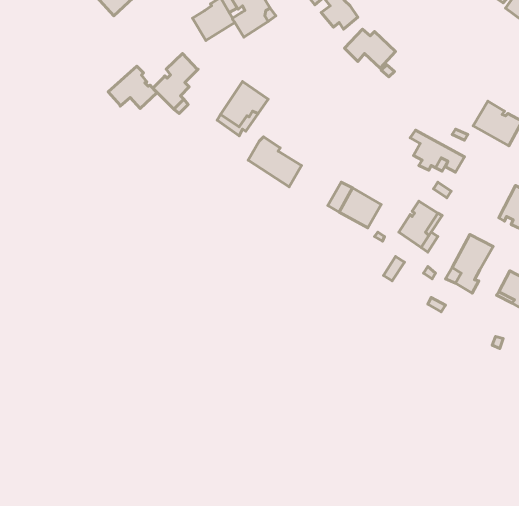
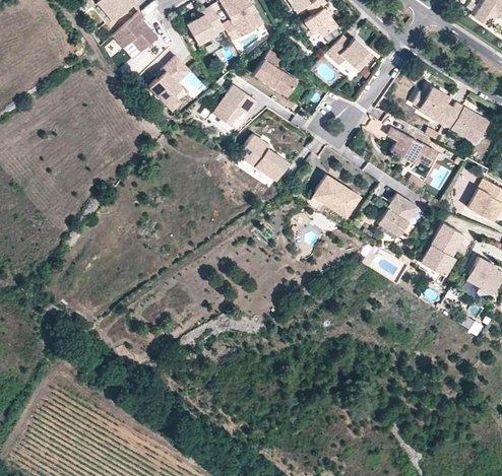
building: none -> [253,50,298,96]
building: [108,66,157,108] -> [114,14,159,53]
building: none -> [411,86,452,124]

